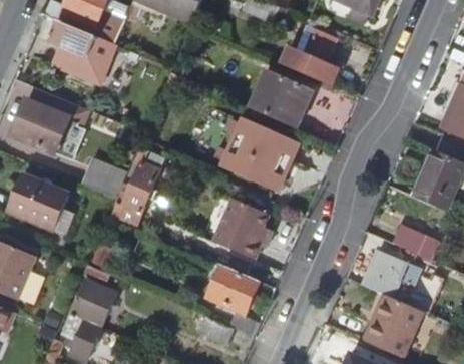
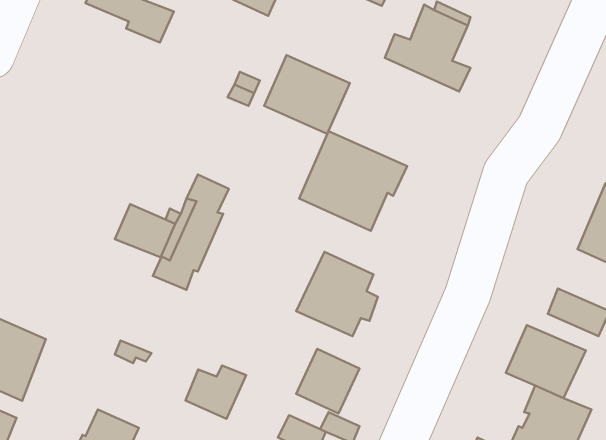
building: [50,25,115,90] -> none
building: [250,67,311,123] -> [264,55,350,134]
building: [13,92,92,165] -> none
building: [8,183,68,236] -> none
building: [71,285,114,323] -> [186,365,246,419]

